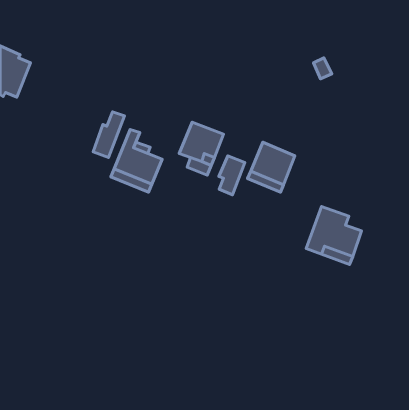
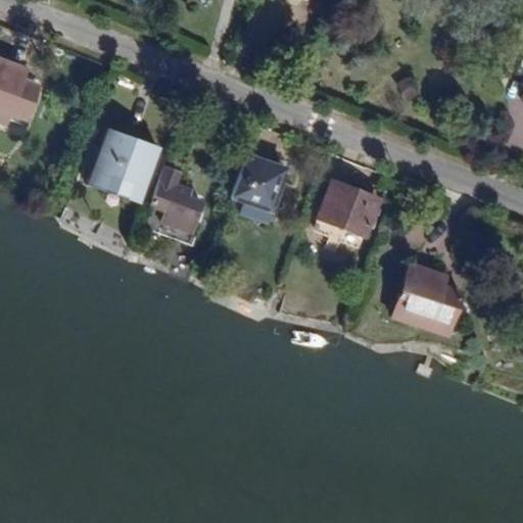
building: none -> [88,128,145,193]
building: [219,156,245,195] -> none

